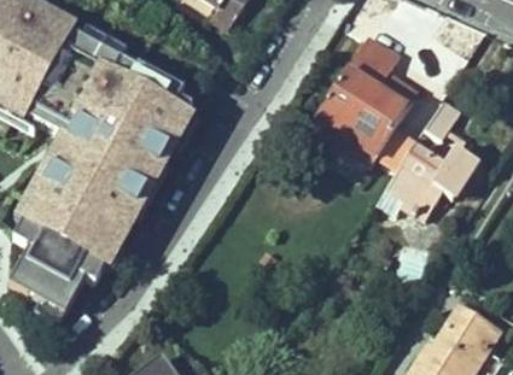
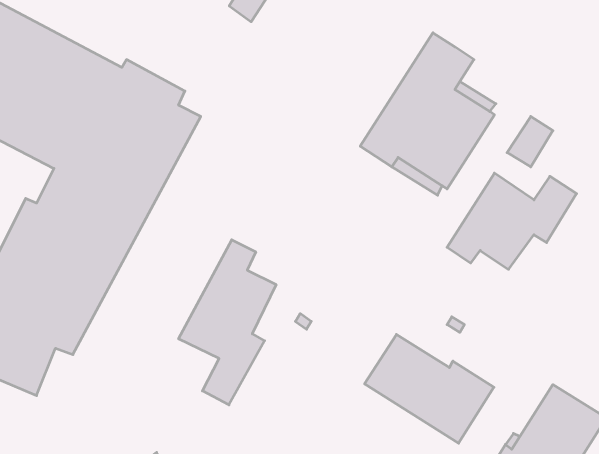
building: none -> [179,240,276,405]
building: none -> [365,334,494,443]

